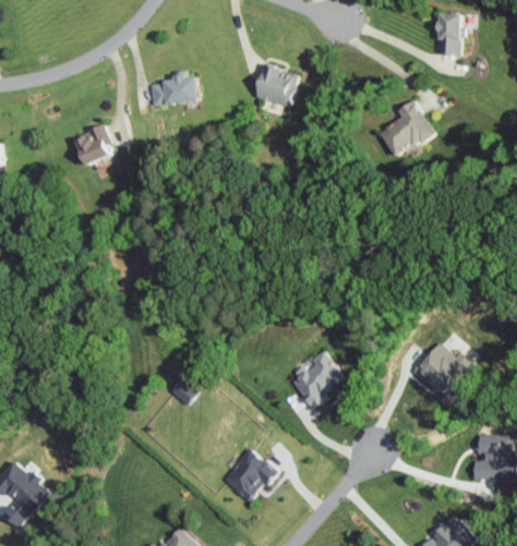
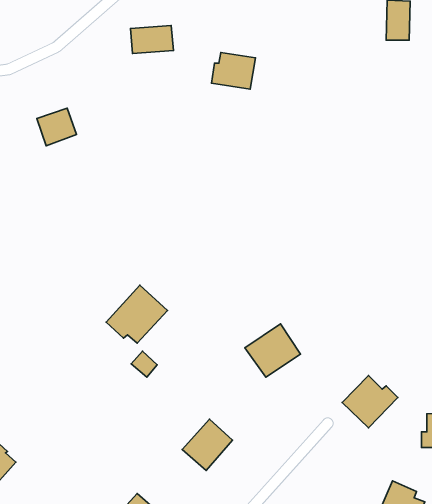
building: [151,76,195,106] -> [131,25,173,54]
building: [381,99,434,157] -> none
building: none -> [106,285,167,343]
building: [413,342,471,397] -> [342,375,398,428]

